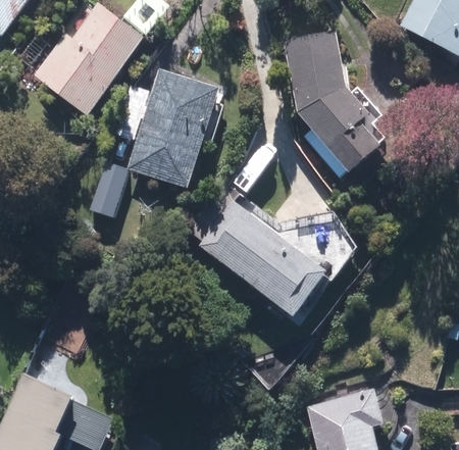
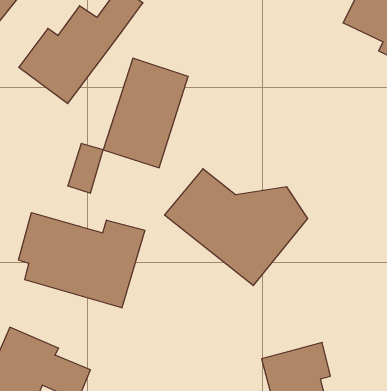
building: [285,33,391,179] -> none
building: none -> [19,213,145,308]

